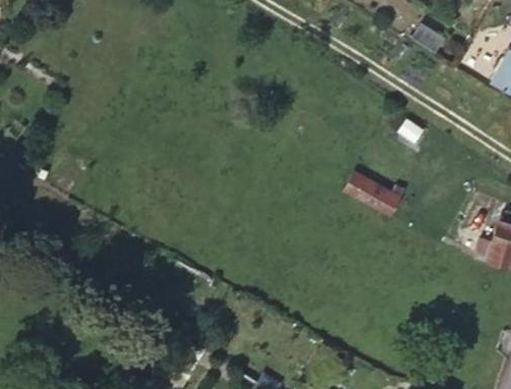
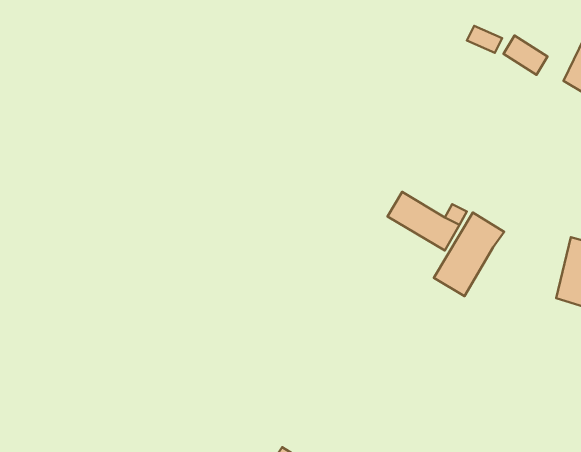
building: none -> [434,213,504,296]

